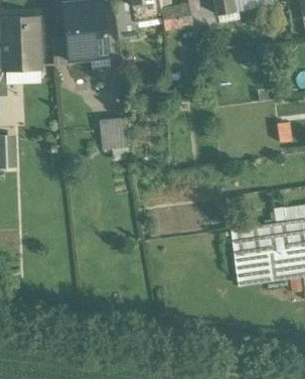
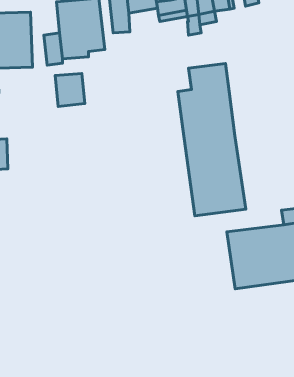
building: none -> [178,64,246,216]
building: [100,117,129,149] -> [55,73,85,107]

